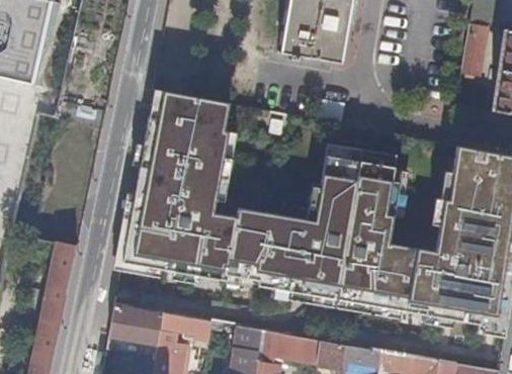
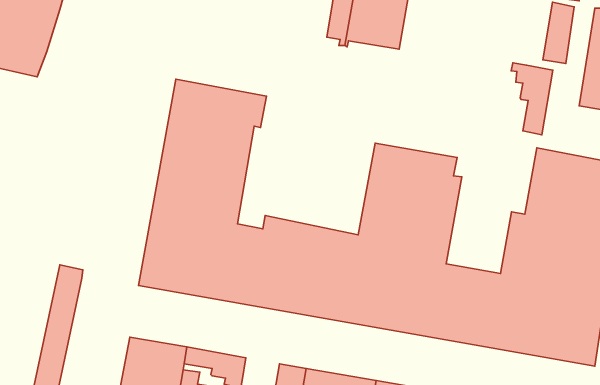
building: none -> [511,63,553,135]

